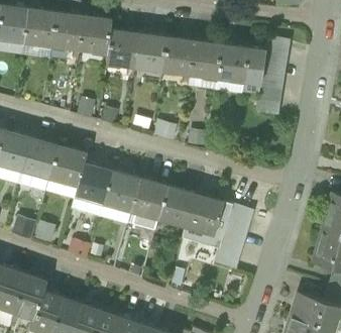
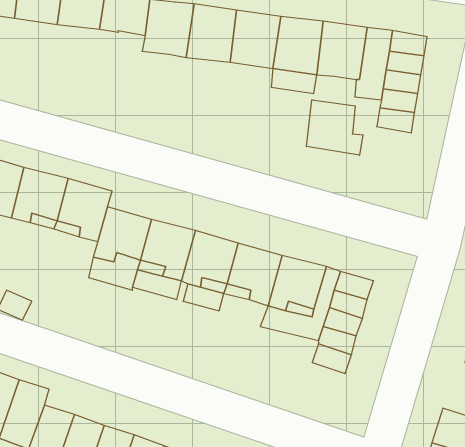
building: none -> [306,100,363,155]

